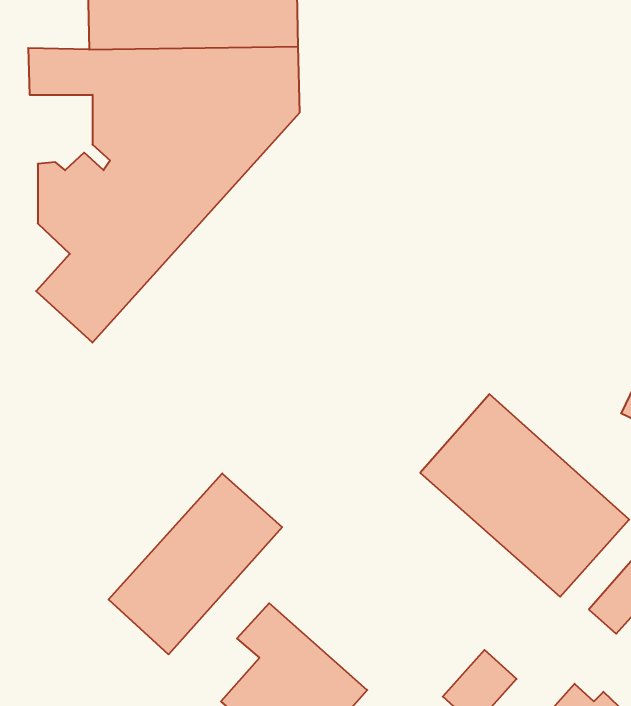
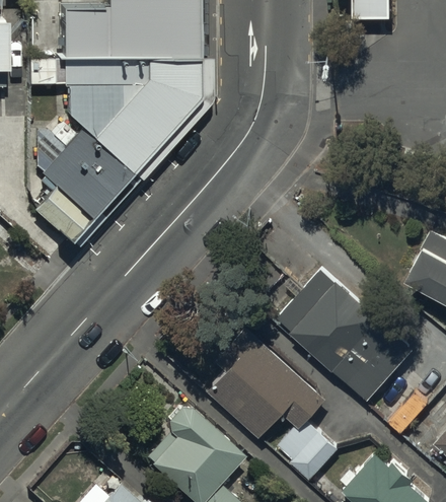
building: [109,473,282,654] -> none
building: none -> [209,332,325,441]

